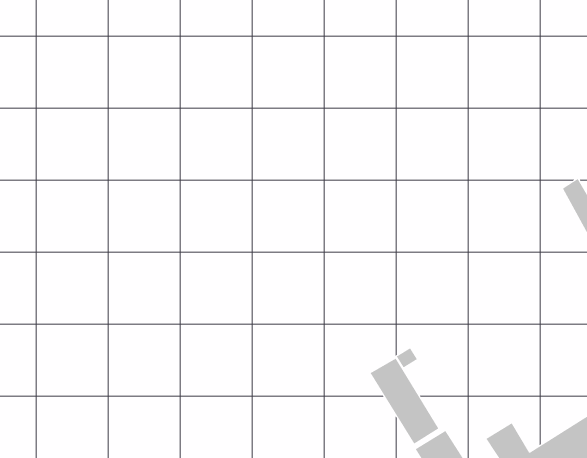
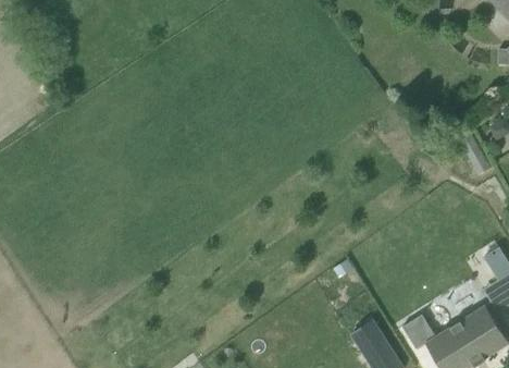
building: [370,358,439,444] -> none

